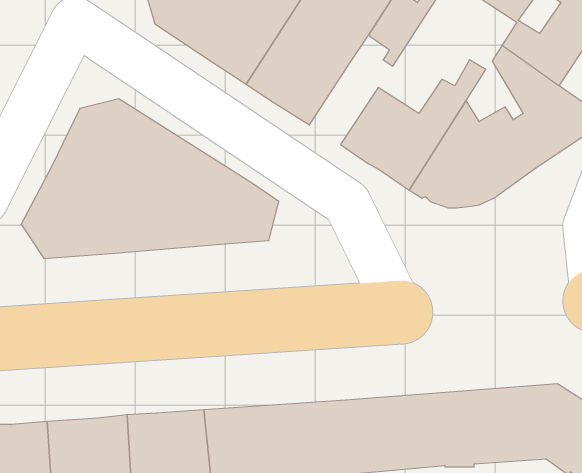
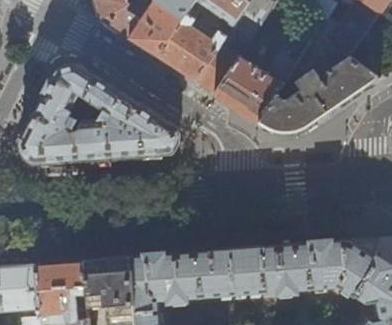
building: none -> [196,44,239,93]

